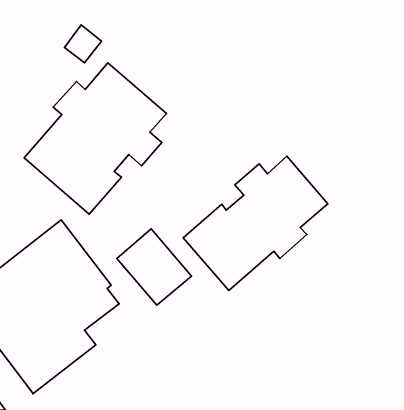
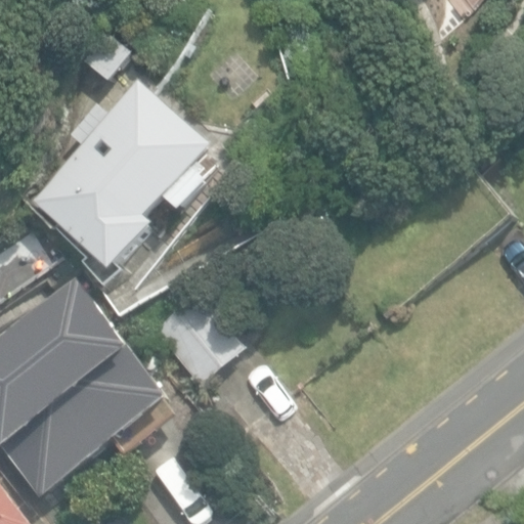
building: [183,156,328,291] -> none

